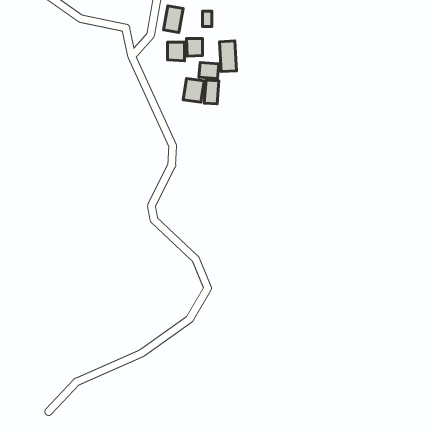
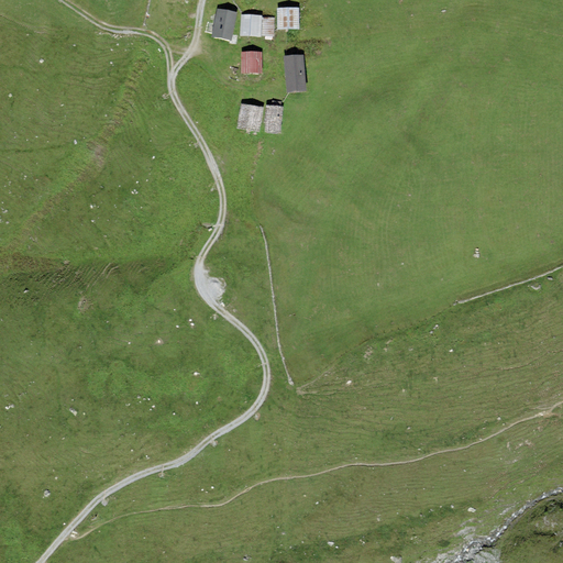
building: none -> [277,5,299,29]
building: [168,42,185,61] -> [240,13,262,37]
building: [199,63,219,78] -> none

